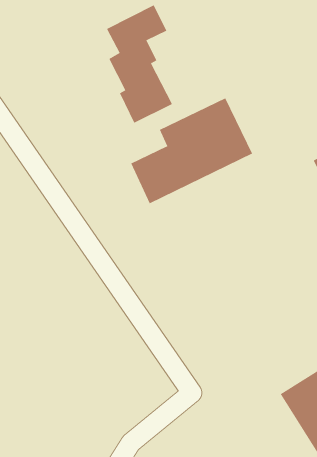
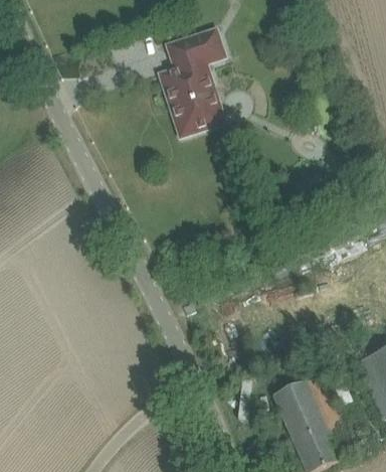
building: [131,98,253,204] -> none

